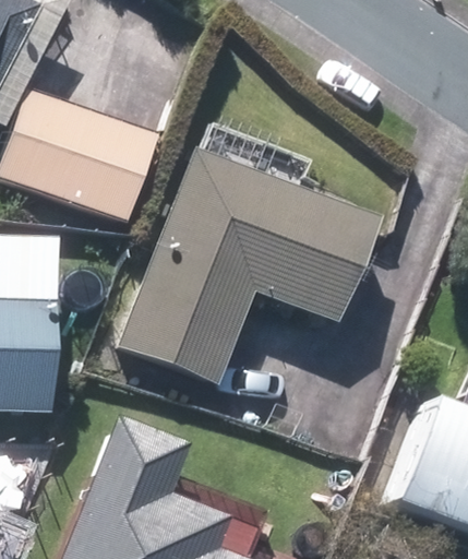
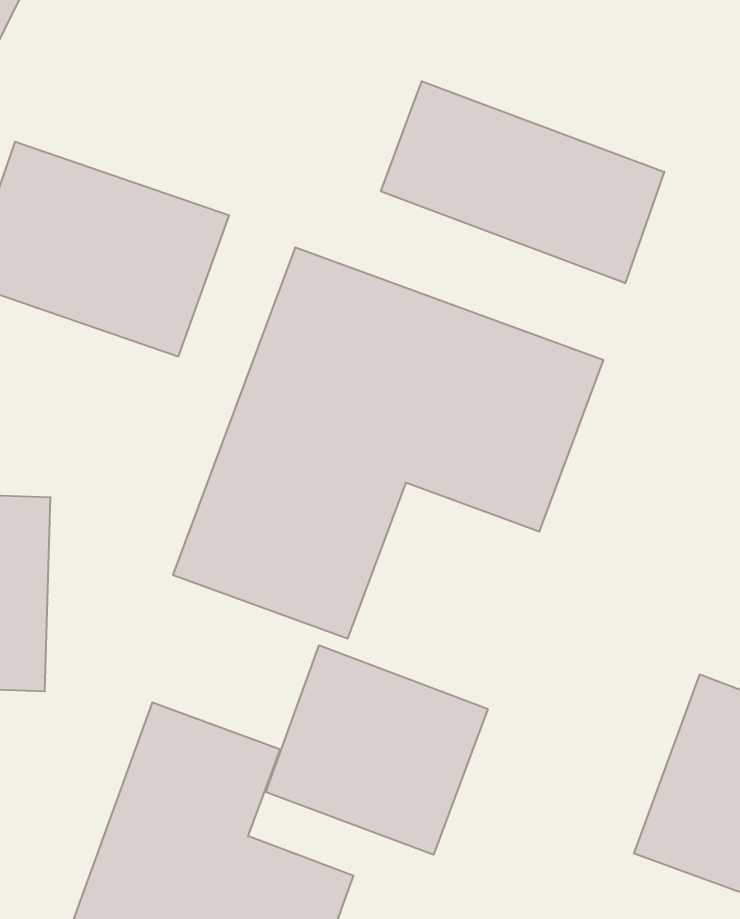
building: none -> [381,81,664,283]
building: none -> [266,645,488,855]

